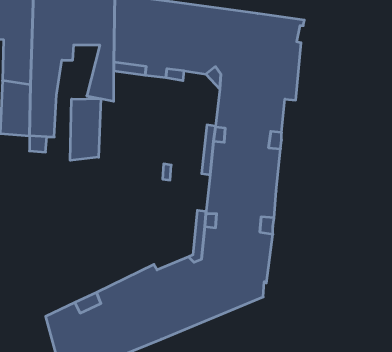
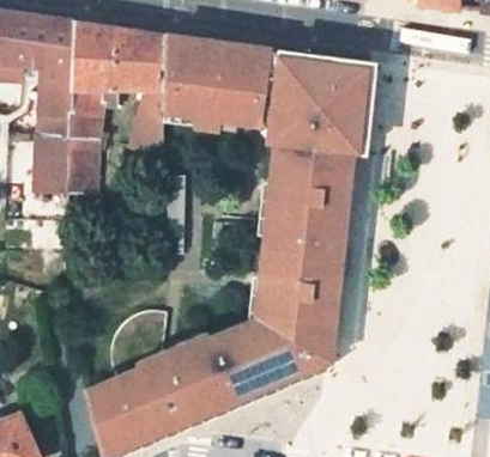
building: [70,99,101,160] -> none

